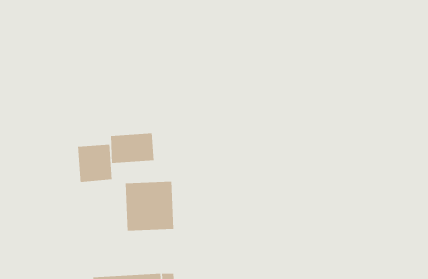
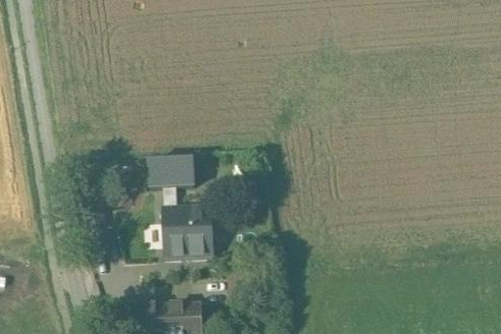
building: [78,144,112,183] -> none

